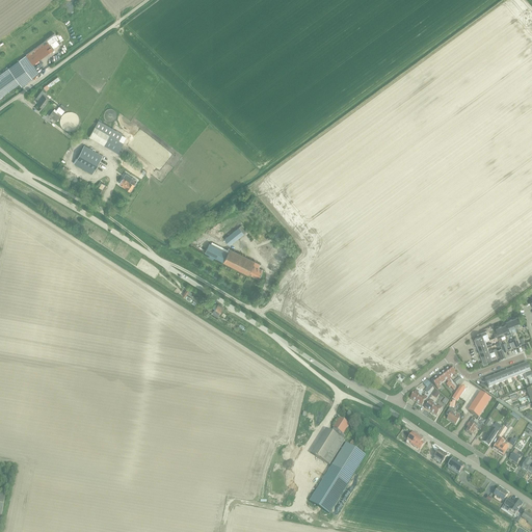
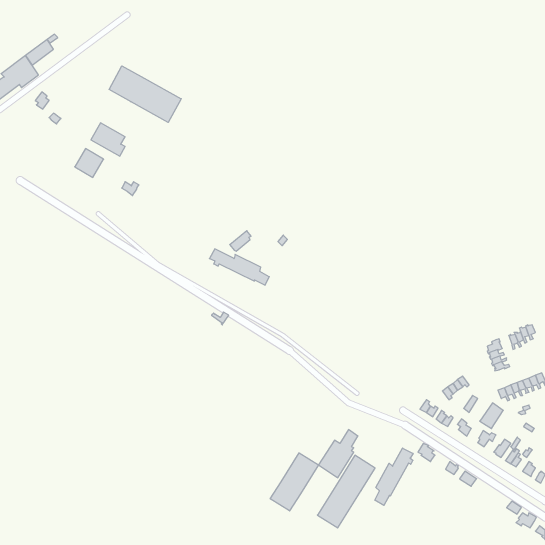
building: none -> [109,66,181,122]
building: none -> [375,448,413,505]
building: none -> [270,453,318,511]

